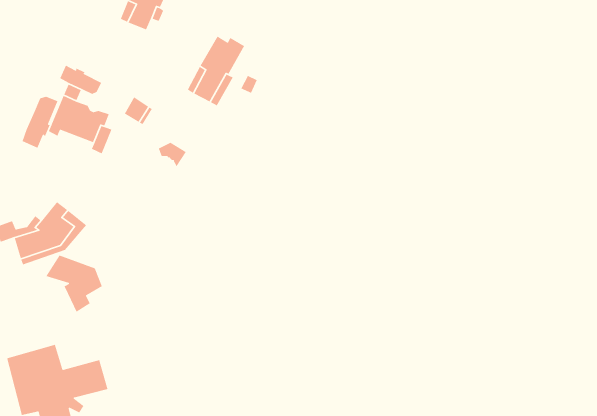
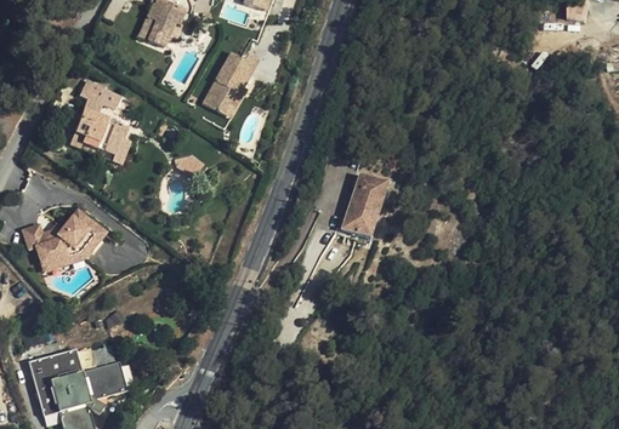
building: [21,96,58,149] -> none
building: none -> [341,175,388,239]
building: [45,255,103,313] -> none

